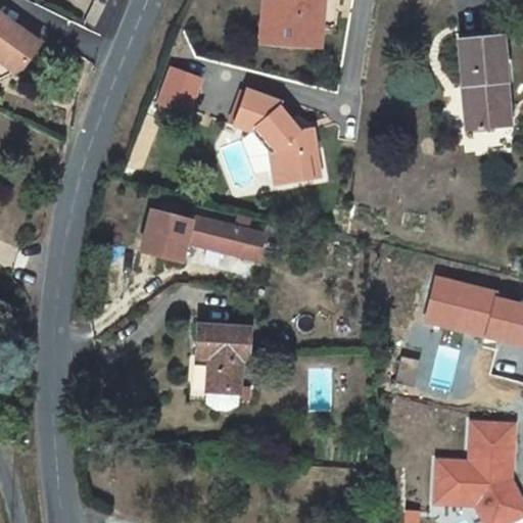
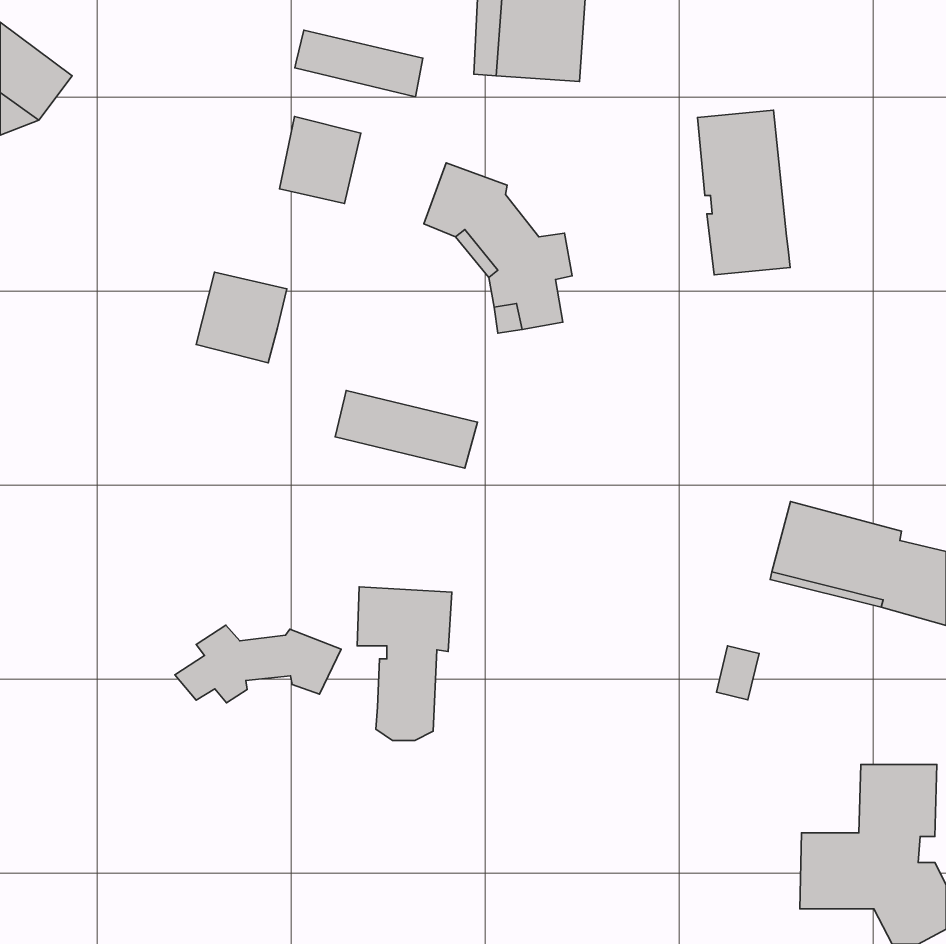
building: none -> [295,30,423,97]
building: [459,37,510,128] -> [697,110,790,275]
building: [140,210,190,260] -> [196,272,287,363]
building: none -> [175,625,341,703]

